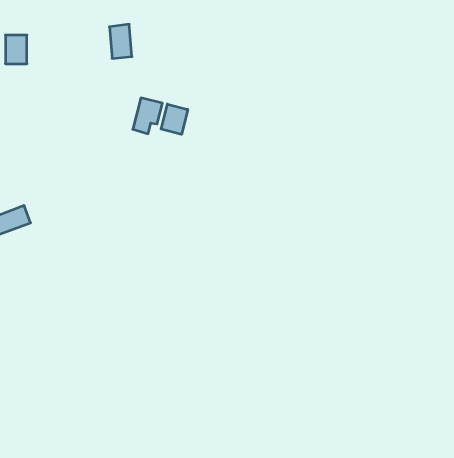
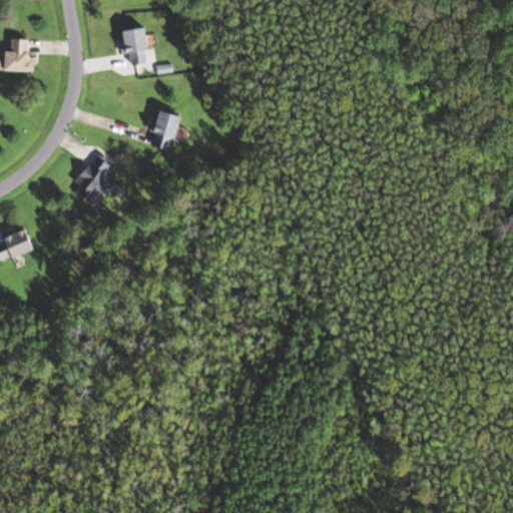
building: [161,104,188,134] -> none
building: none -> [69,154,113,207]

